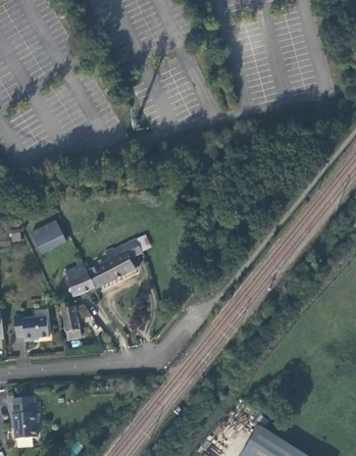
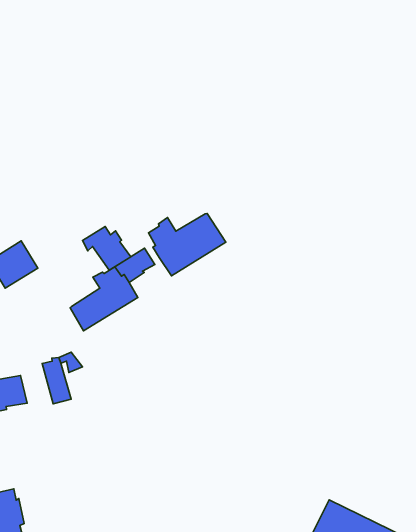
building: none -> [148,214,226,276]
building: none -> [82,226,131,270]
building: [64,263,94,297] -> none

